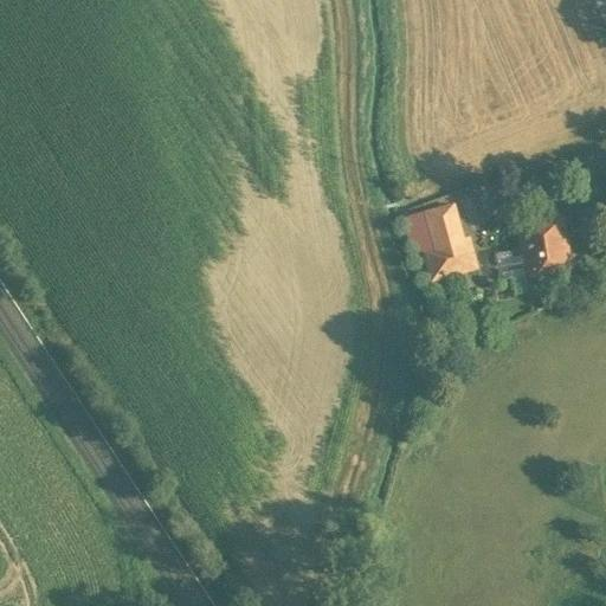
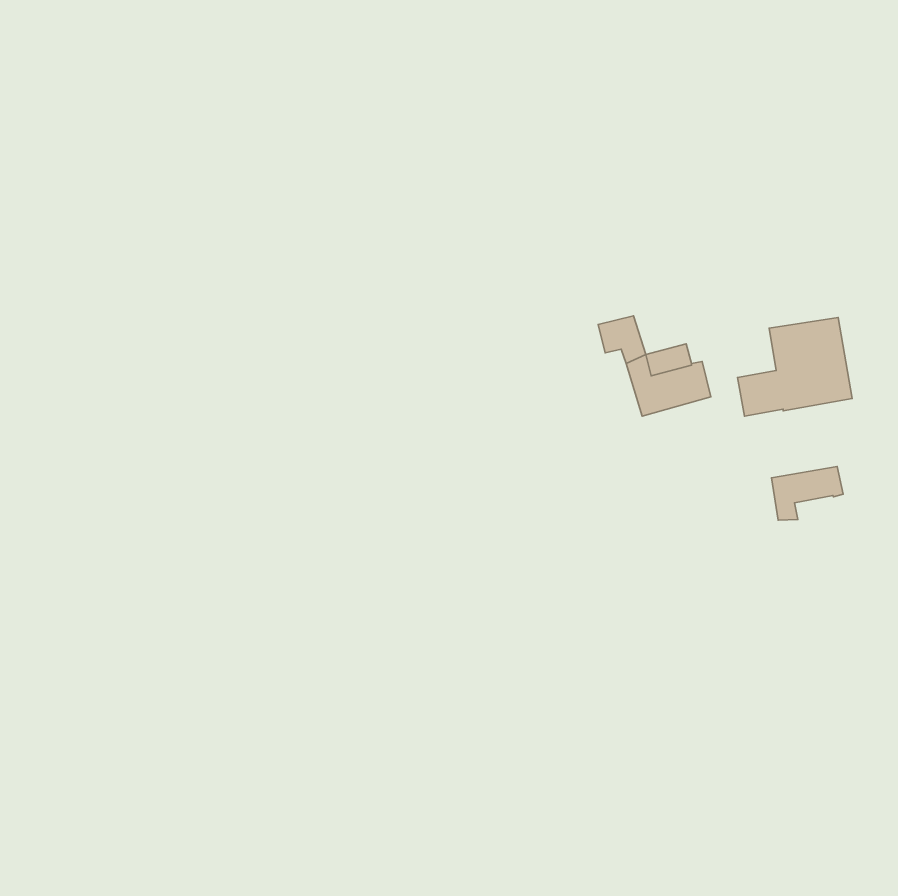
building: [427,204,463,238] -> none
building: none -> [772,466,843,520]

